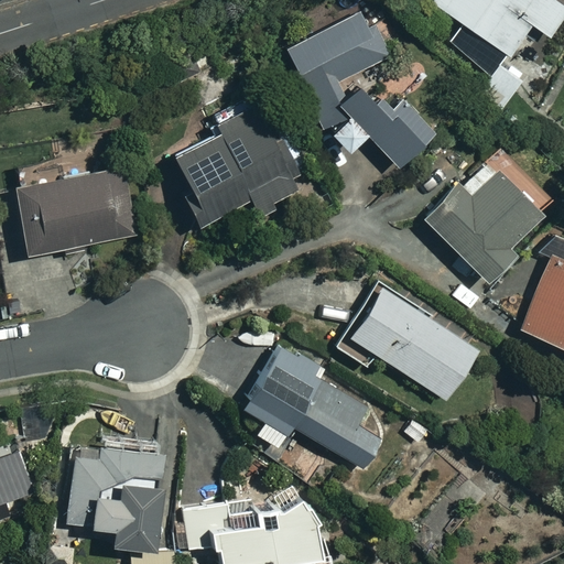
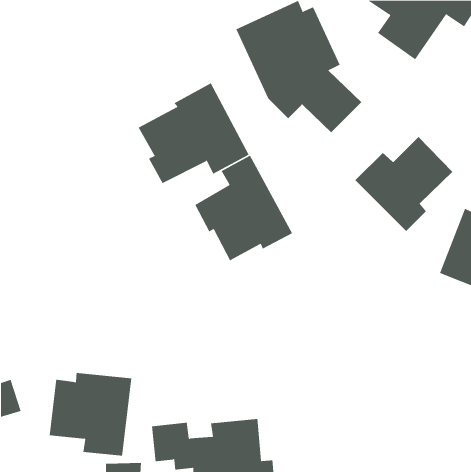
building: [14,166,135,264] -> none
building: none -> [194,155,293,261]
building: [338,285,477,397] -> none
building: [242,341,382,470] -> none

